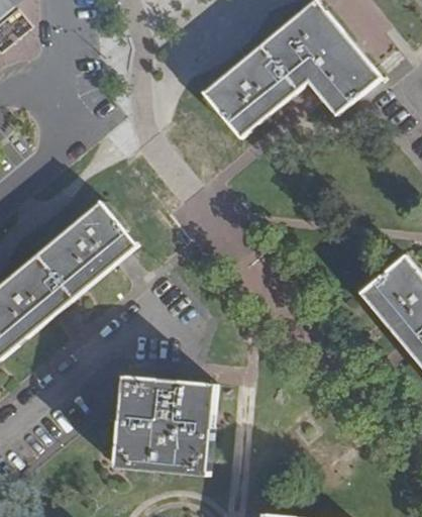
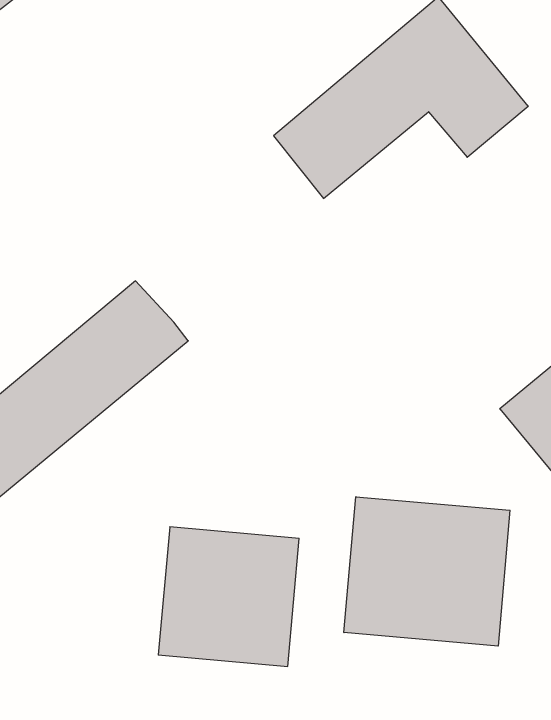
building: none -> [344,497,510,646]

